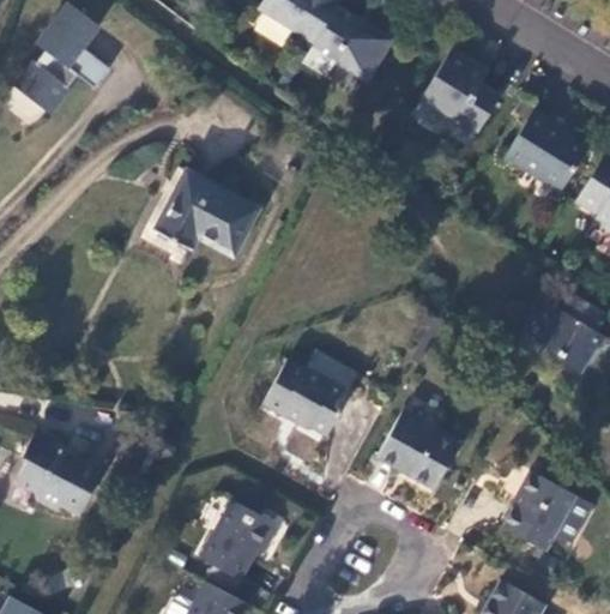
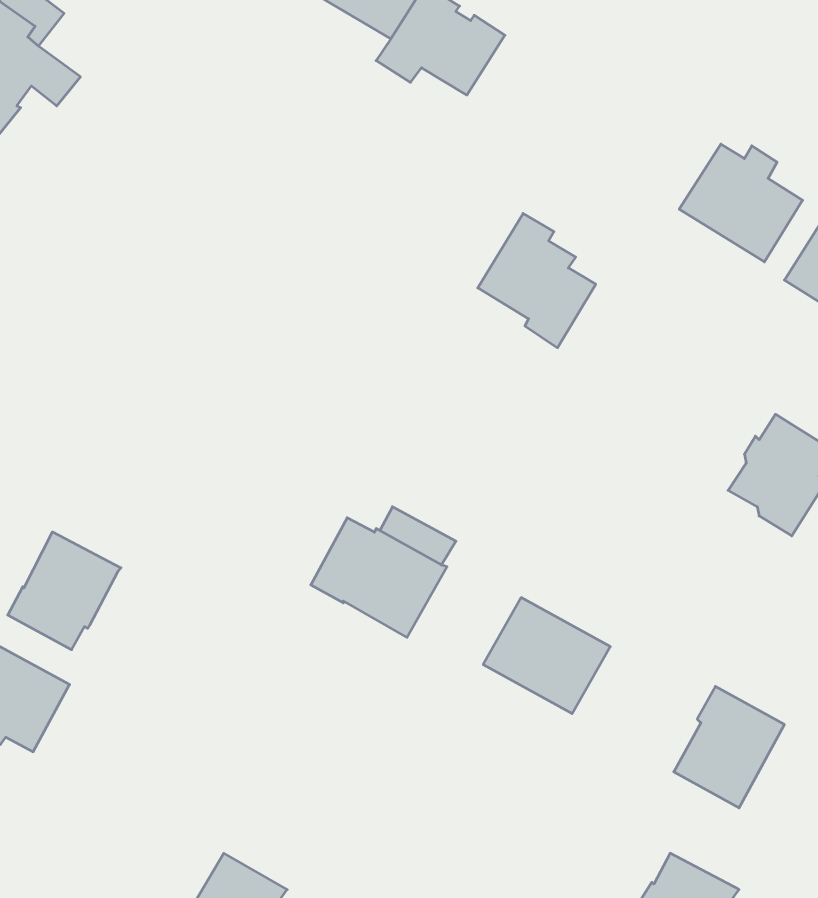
building: [422,50,500,139] -> [478,213,596,348]
building: [156,170,259,255] -> none
building: none -> [8,532,121,650]
building: [199,505,276,582] -> none

